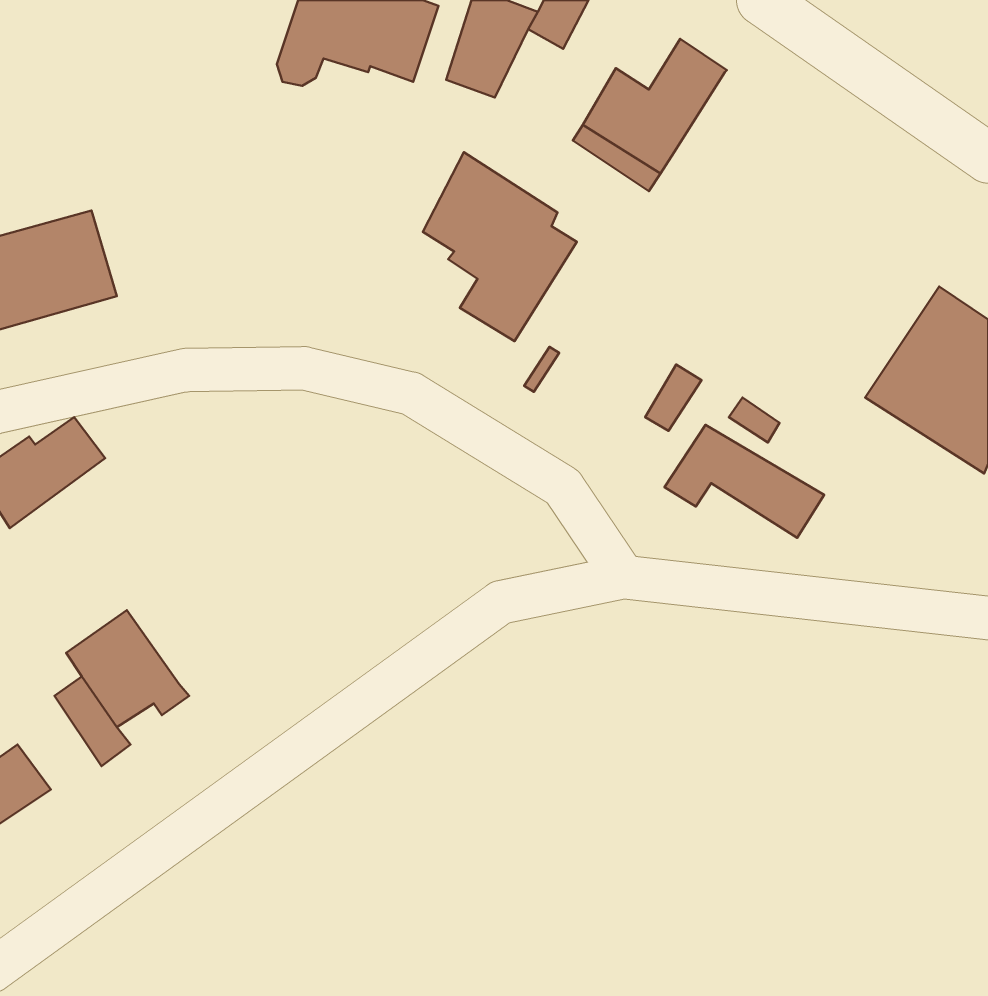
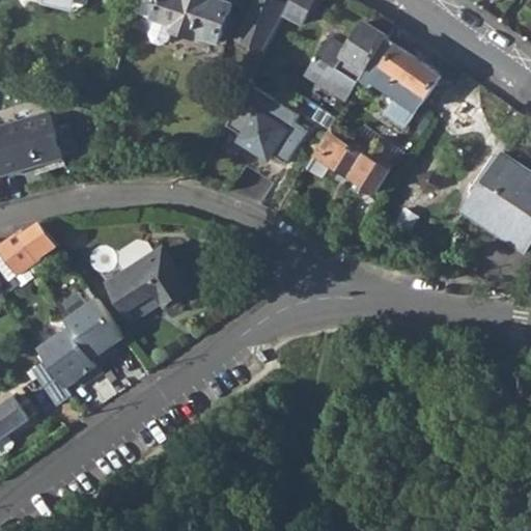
building: none -> [359,38,439,112]
building: [665,425,824,538] -> [304,133,389,193]
building: none -> [105,249,185,322]
building: none -> [63,297,121,364]

